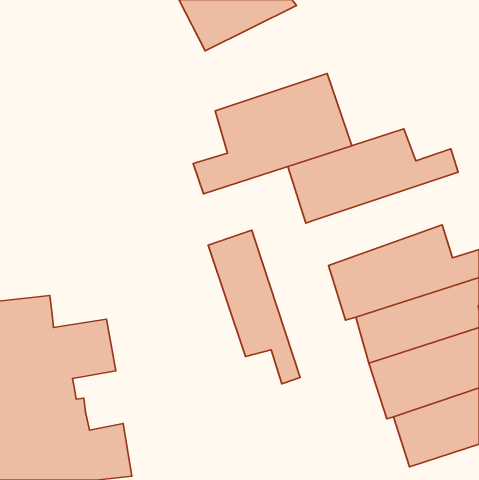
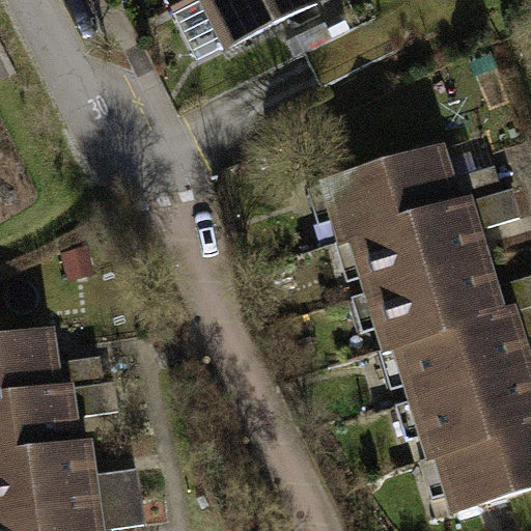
building: [193,73,352,194] -> none
building: none -> [346,190,512,292]
building: [208,230,300,384] -> none

